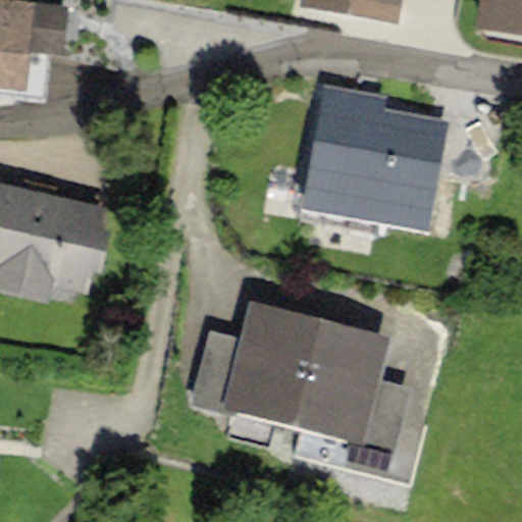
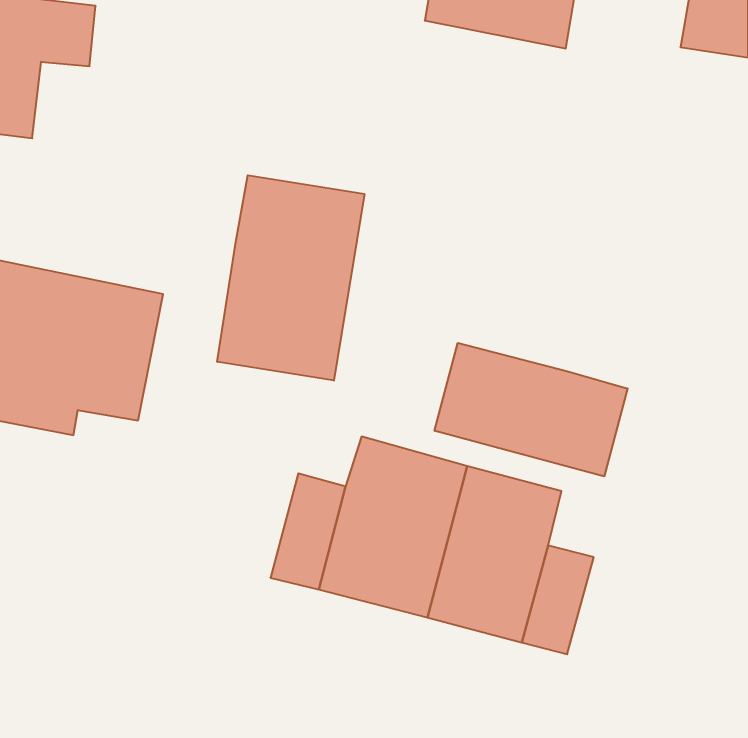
building: [307,85,448,231] -> none
building: none -> [217,175,364,381]
building: none -> [435,343,628,476]

